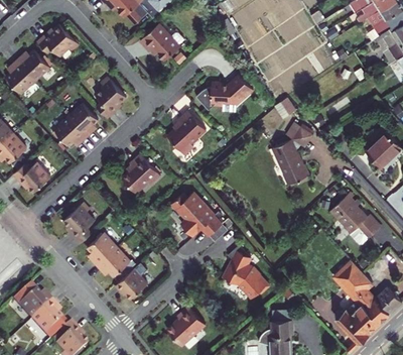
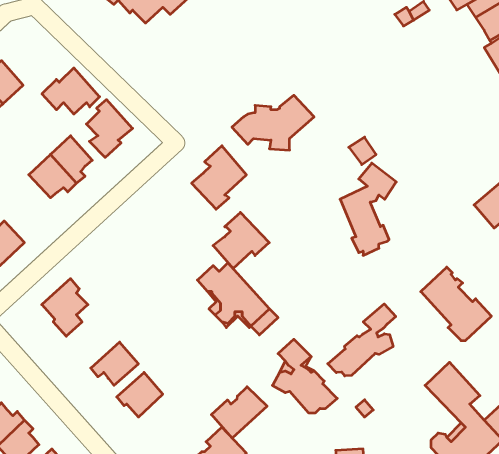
building: [140,22,185,61] -> none
building: [38,23,79,55] -> [42,68,100,114]
building: [122,153,161,193] -> [213,212,269,269]
building: none -> [328,304,396,376]
building: [88,232,118,264] -> none
building: none -> [211,387,267,438]

